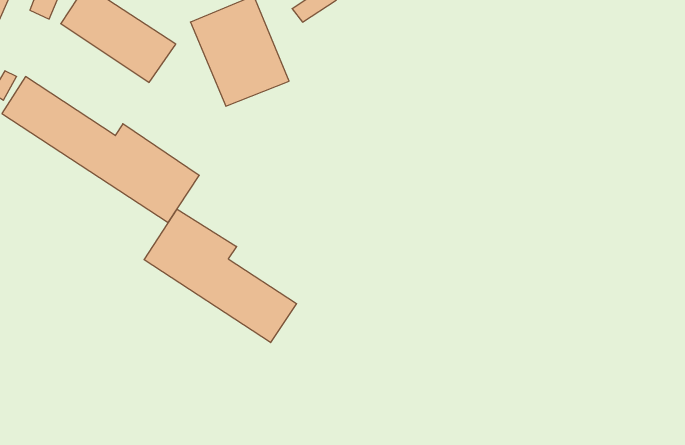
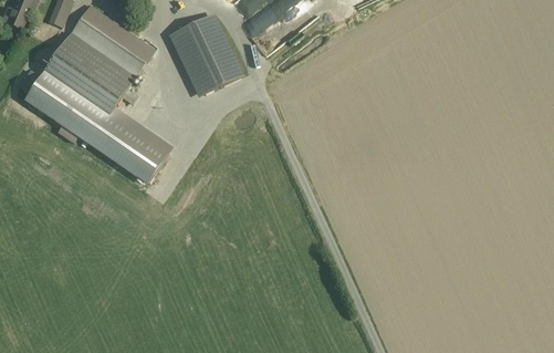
building: none -> [44,34,137,118]
building: [144,209,297,343] -> none

